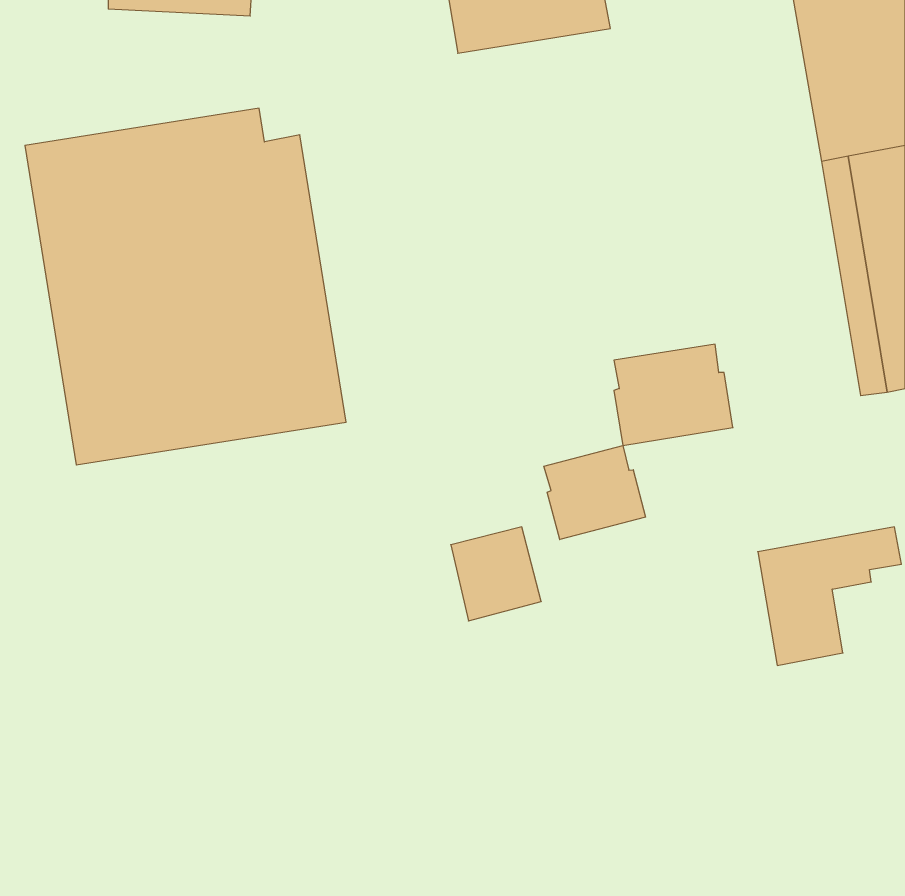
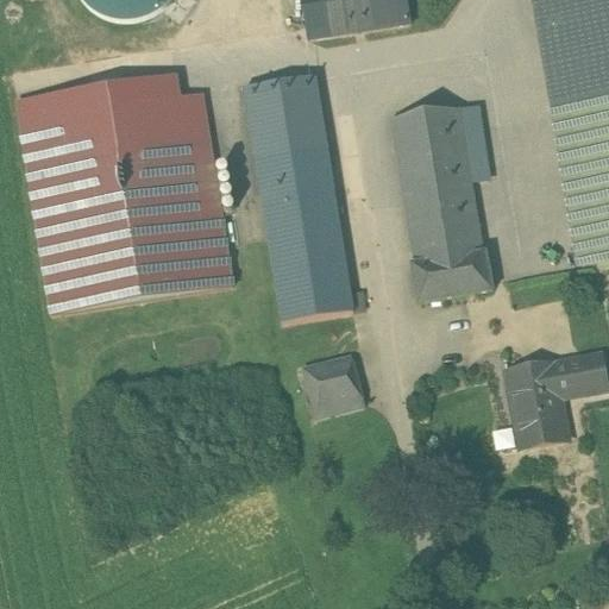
building: none -> [244,73,353,320]
building: none -> [390,101,488,241]
building: [544,445,646,540] -> none

